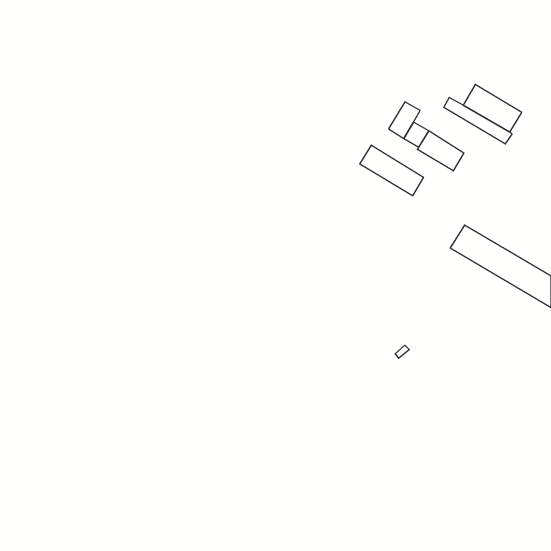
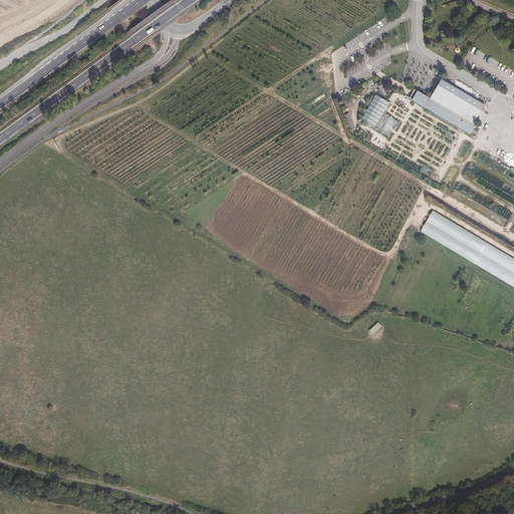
building: [417,131,464,171] -> none
building: [360,145,423,196] -> none

